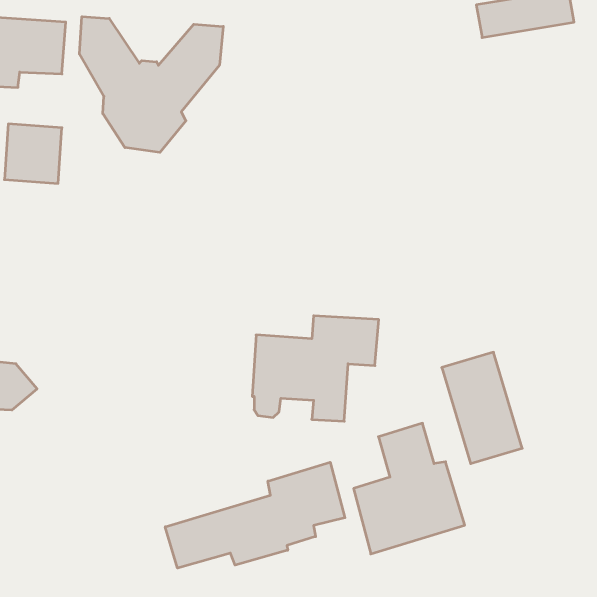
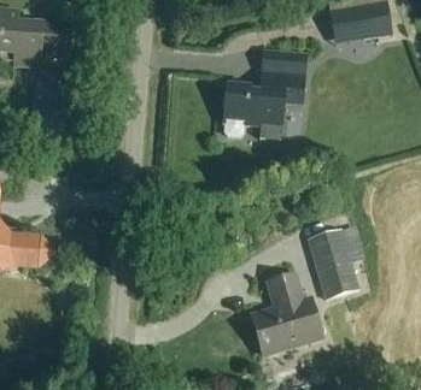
building: [79,17,223,152] -> none
building: [252,316,379,421] -> [223,72,303,138]
building: [165,462,345,568] -> none

